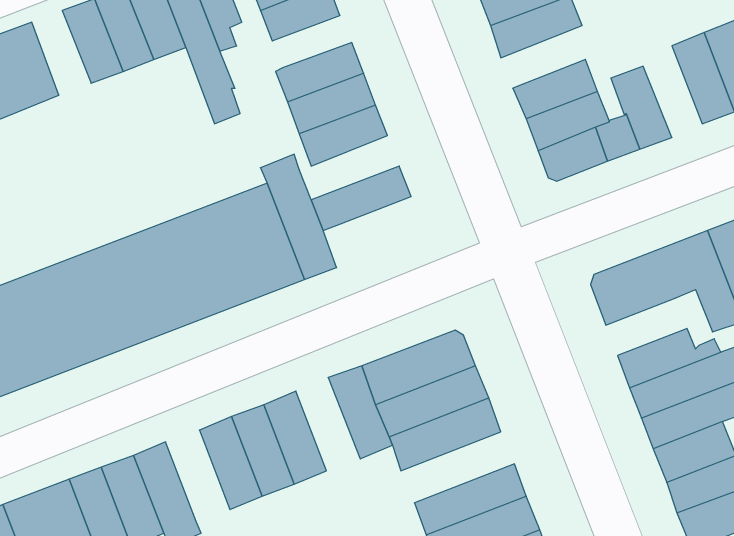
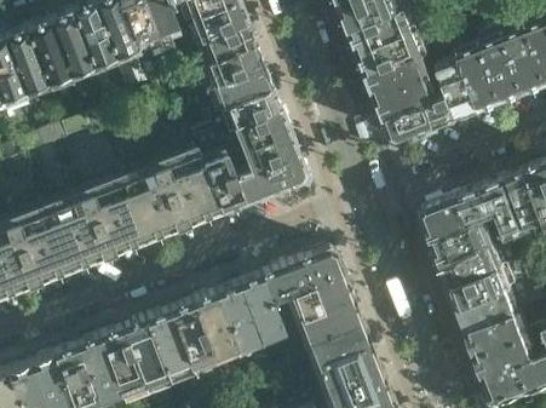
building: none -> [24,23,67,84]
building: none -> [196,27,253,64]
building: none -> [360,34,426,79]
building: none -> [459,48,504,114]
building: none -> [215,113,287,159]
building: none -> [232,156,304,207]
building: none -> [435,229,493,270]
building: none -> [213,286,259,352]
building: none -> [120,323,166,389]
building: none -> [288,324,369,375]

